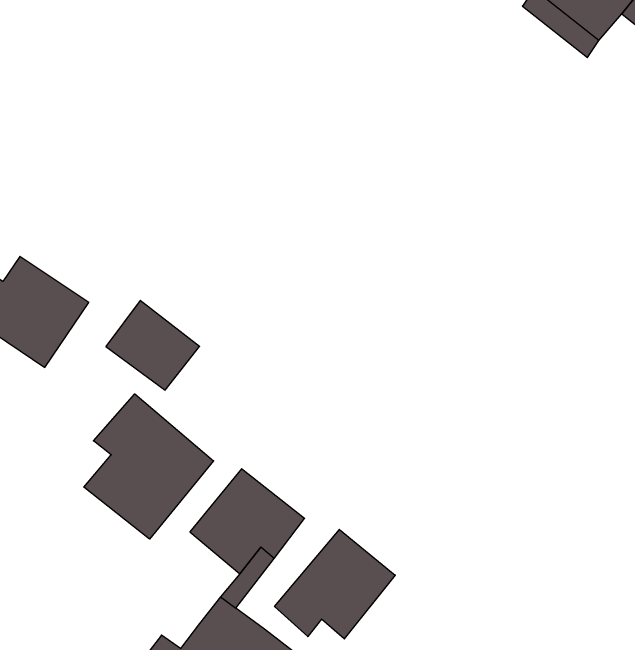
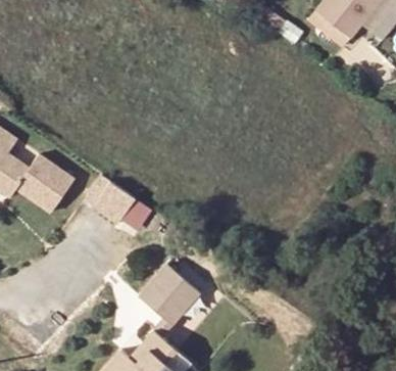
building: [84,394,214,539] -> none
building: [275,529,395,639] -> none

